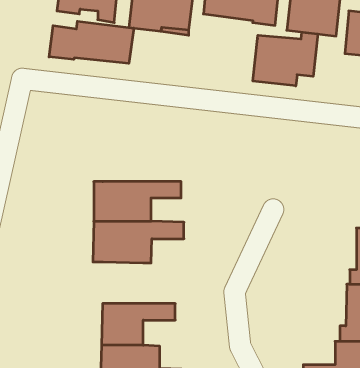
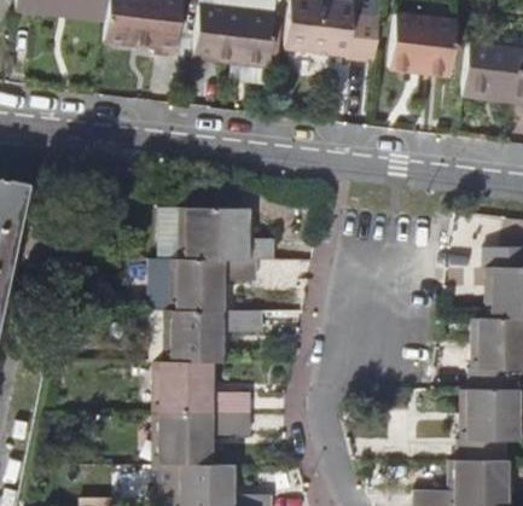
building: [49,21,134,63] -> none
building: [253,32,318,86] -> none
building: none -> [162,187,278,257]
building: none -> [162,357,252,409]

